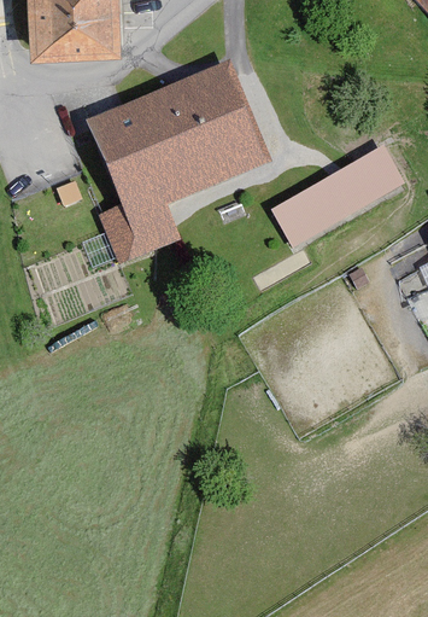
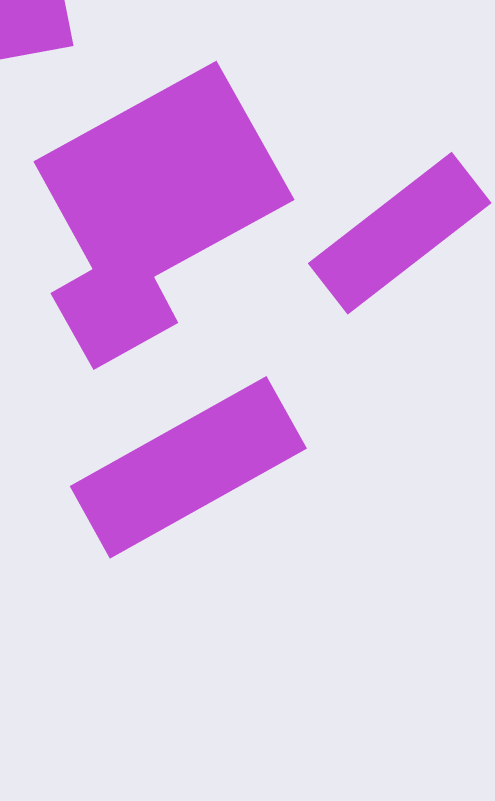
building: none -> [68,375,308,560]

